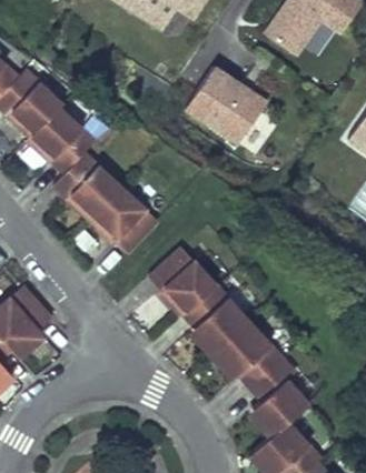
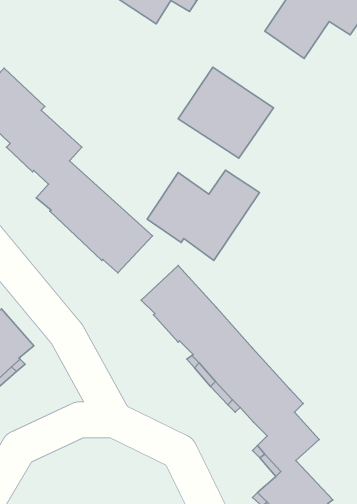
building: none -> [147,170,259,260]

